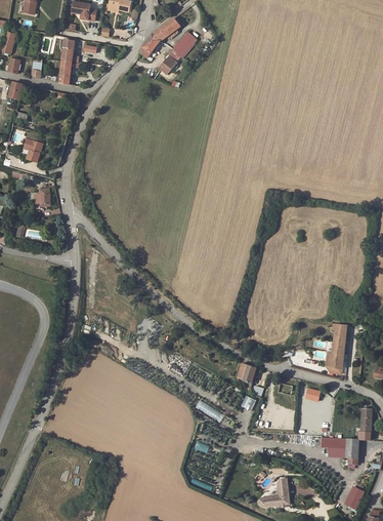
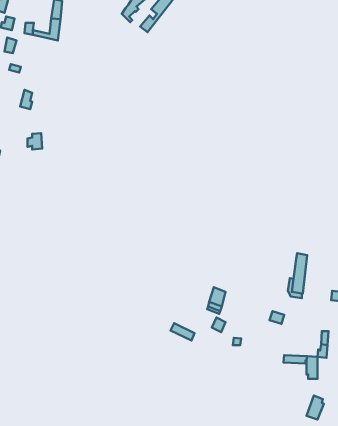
building: [262,477,289,506] -> none

